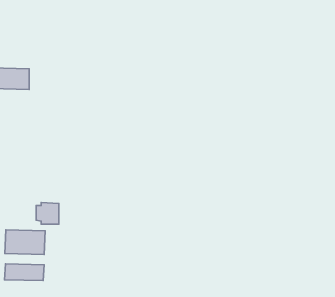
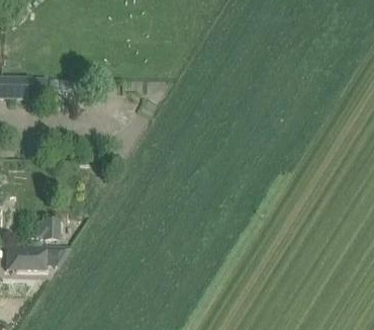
building: [5,264,44,281] -> none

